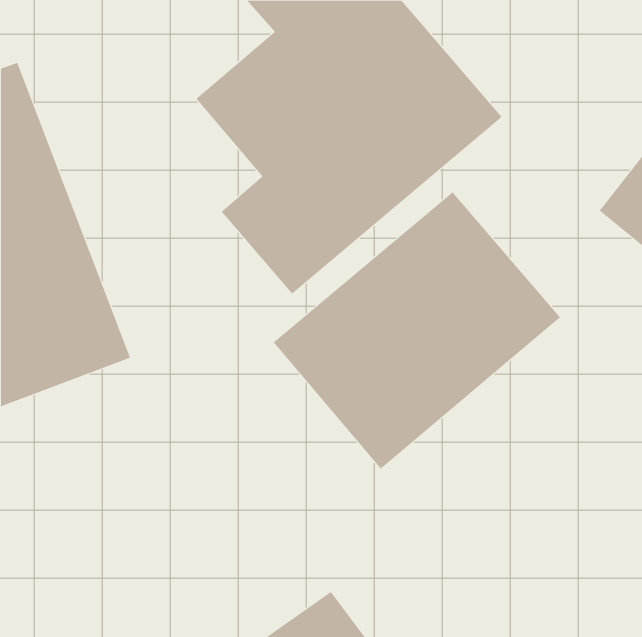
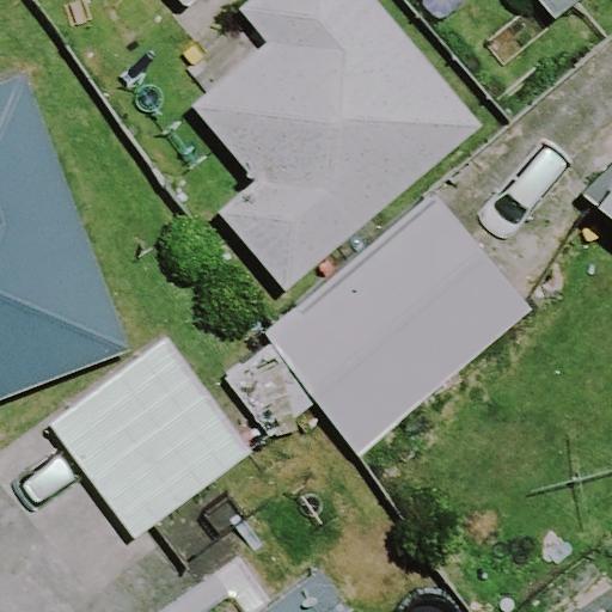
building: none -> [48,337,251,538]

